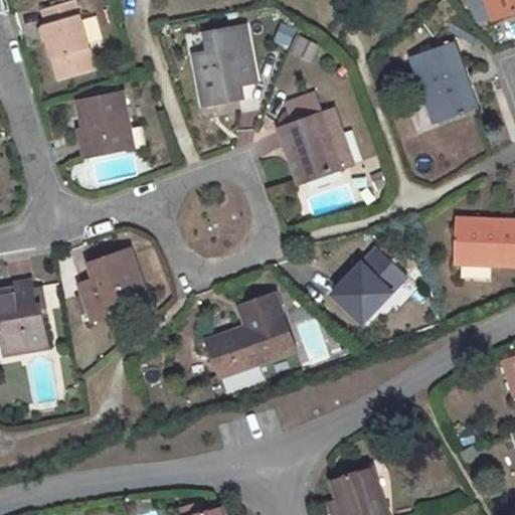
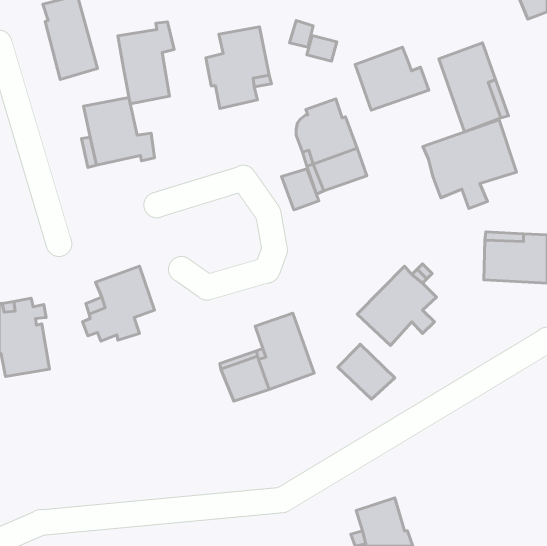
building: none -> [118,22,174,104]
building: none -> [355,47,429,110]
building: none -> [423,120,516,208]
building: none -> [282,169,319,210]
building: none -> [338,344,395,399]

